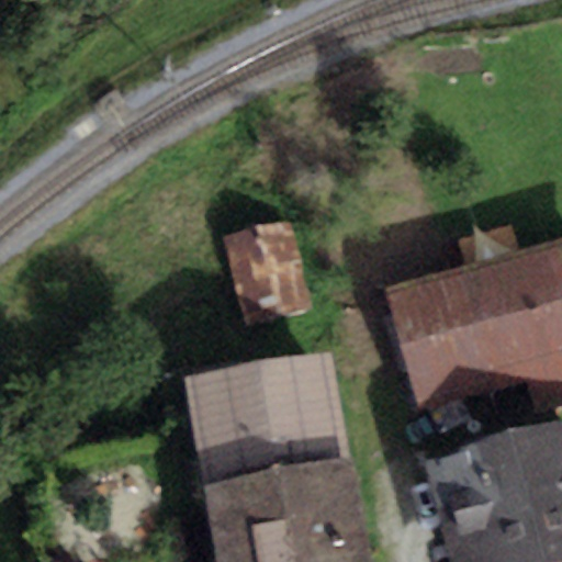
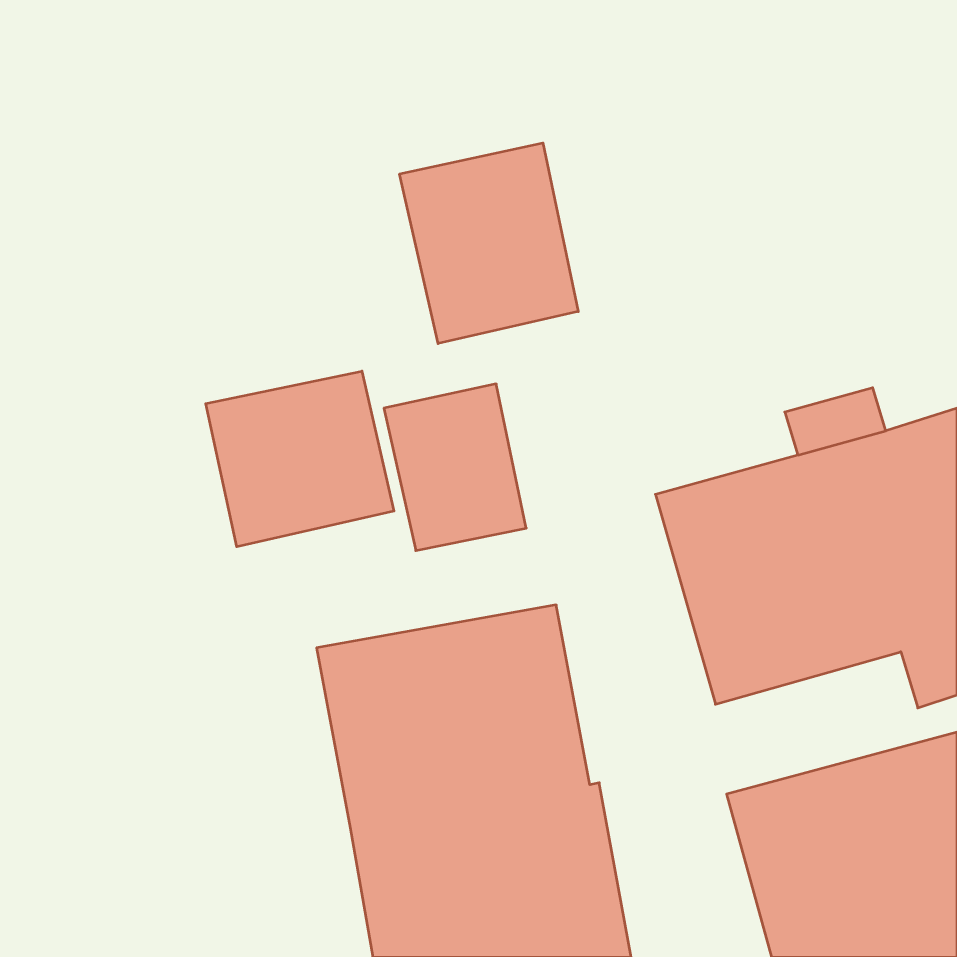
building: none -> [400,143,578,344]
building: none -> [206,371,394,547]

